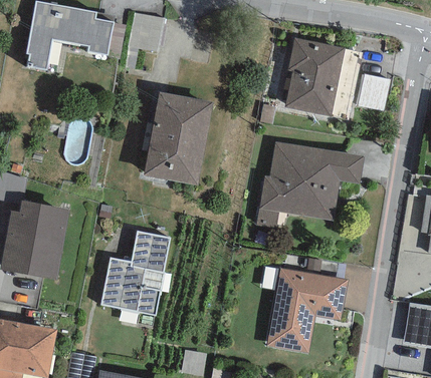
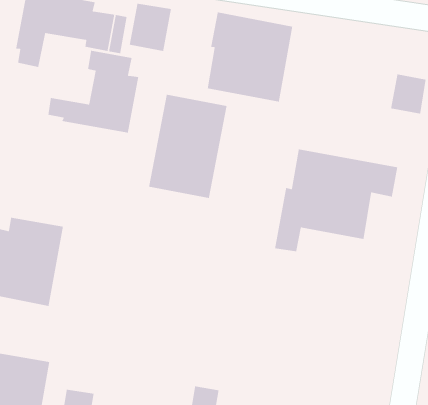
building: [284,38,361,118] -> [207,12,293,103]
building: none -> [48,50,139,134]
building: [99,230,170,316] -> none
building: [265,268,348,353] -> none

